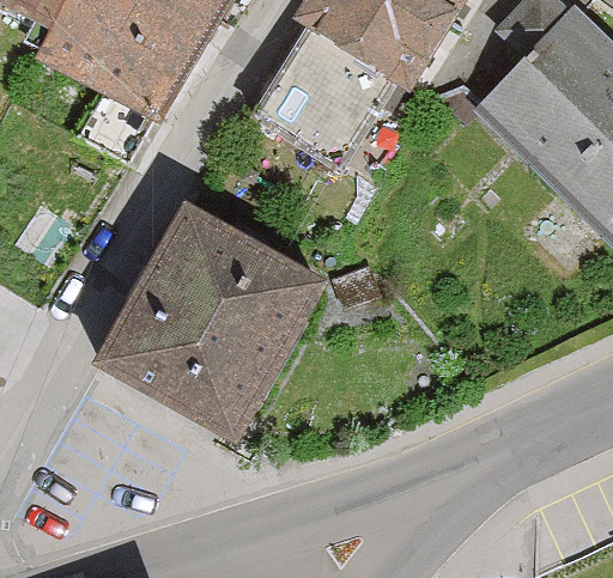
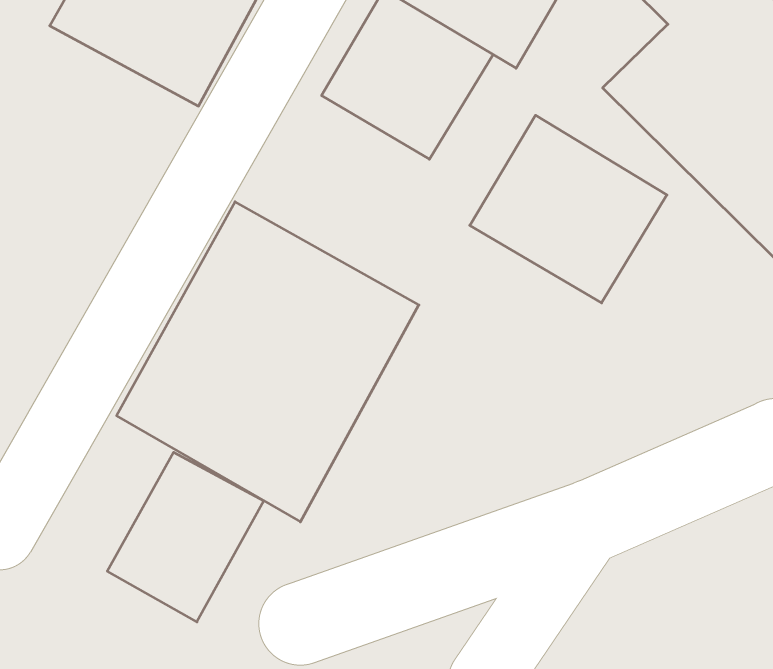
building: none -> [470,115,667,303]
building: none -> [107,452,264,622]

